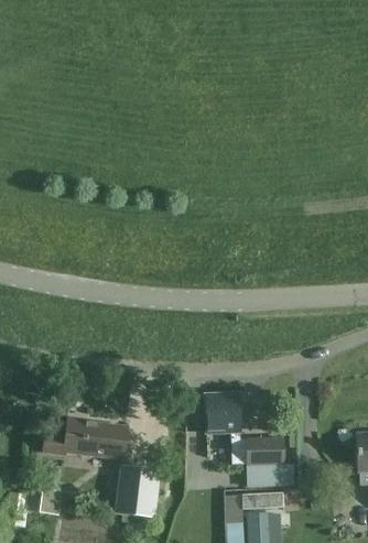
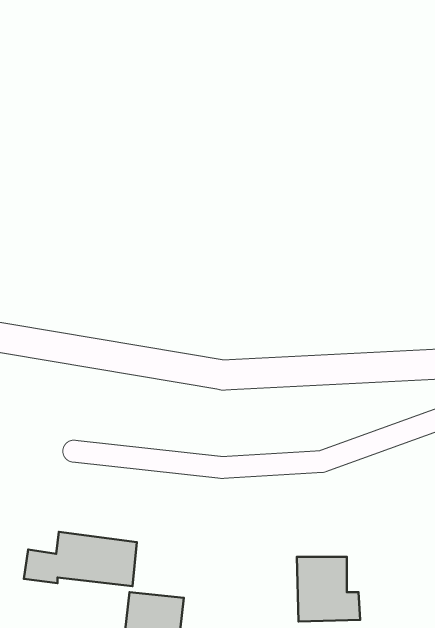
building: [205,393,240,432] -> none

